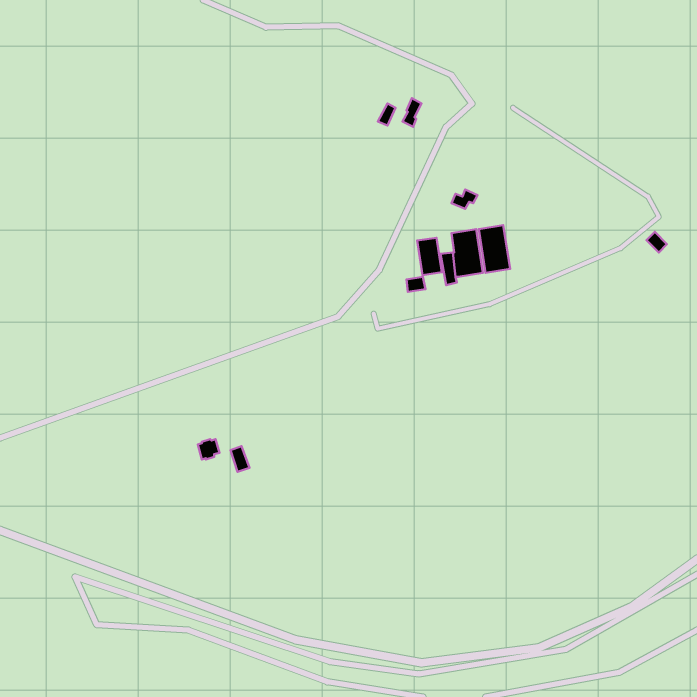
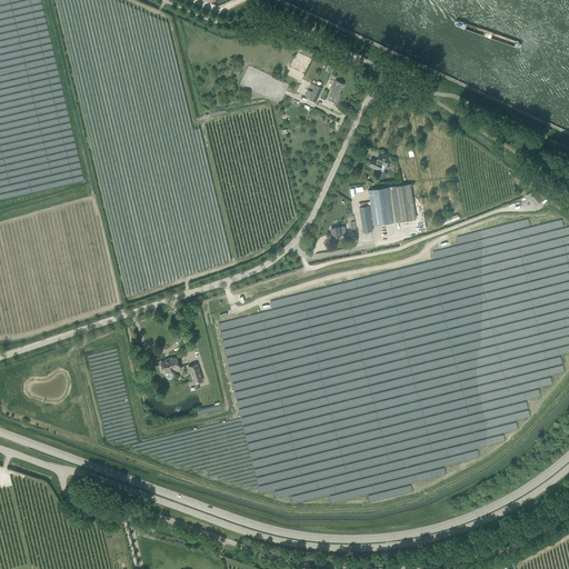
building: [417,238,442,275] -> none

